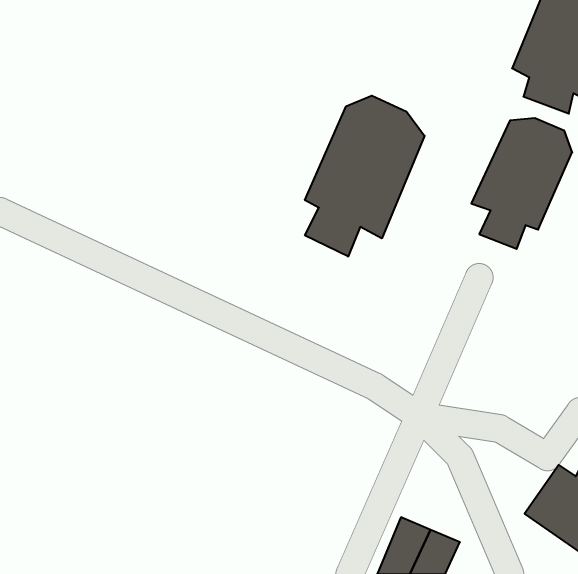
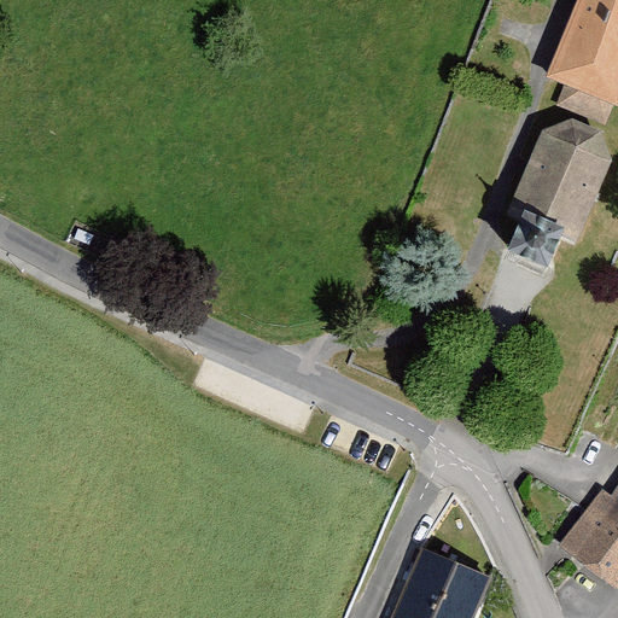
building: [305,96,425,257] -> none

